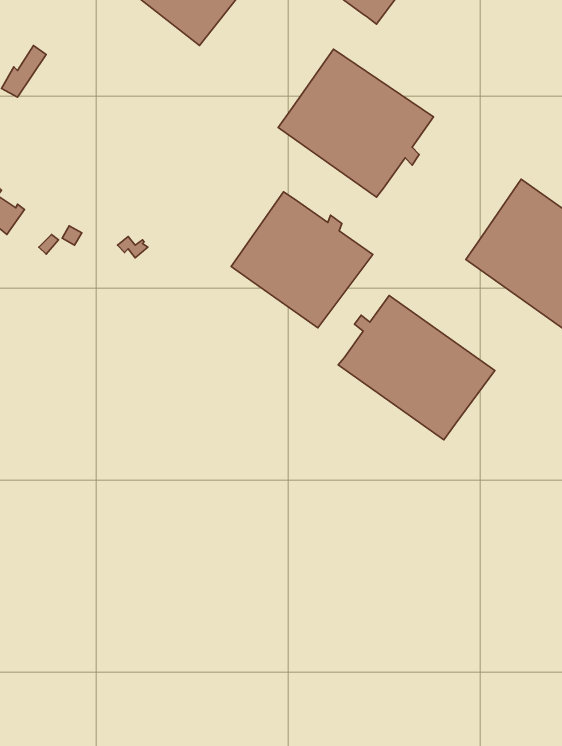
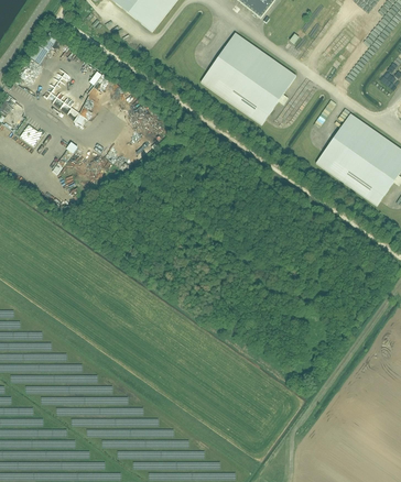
building: [231,192,373,328] -> none
building: [338,295,495,440] -> none

